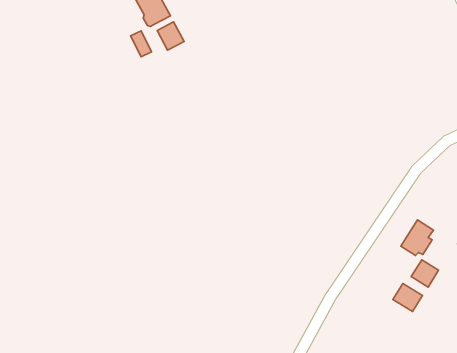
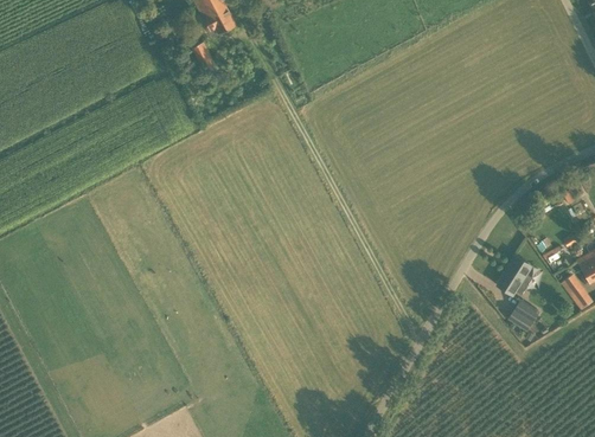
building: [157,22,184,50] -> none
building: [393,283,422,312] -> none

